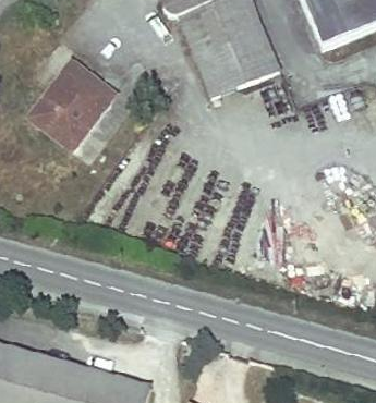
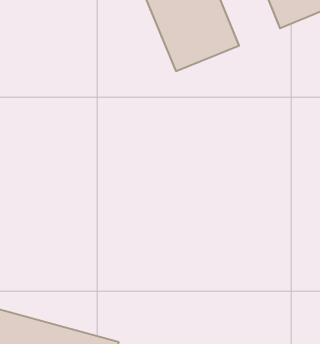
building: [29,61,112,148] -> none

